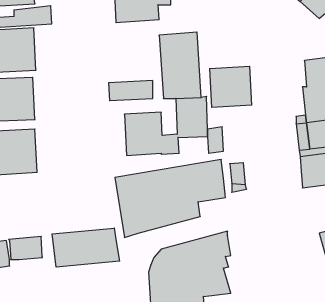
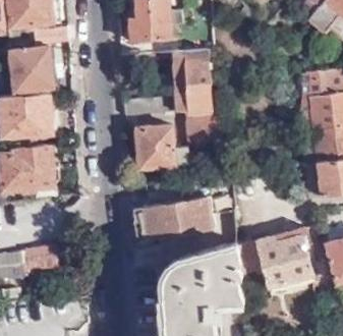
building: [210,66,252,107] -> none
building: none -> [237,228,313,289]
building: [52,228,120,267] -> none

